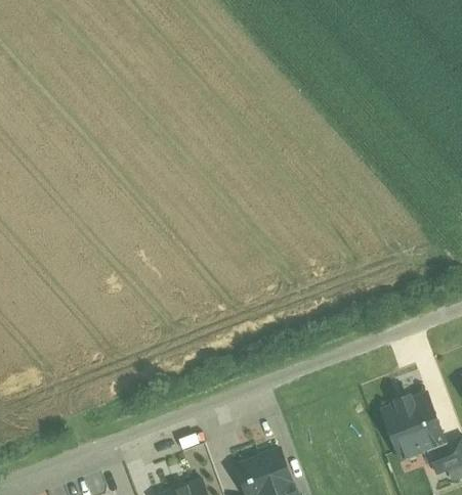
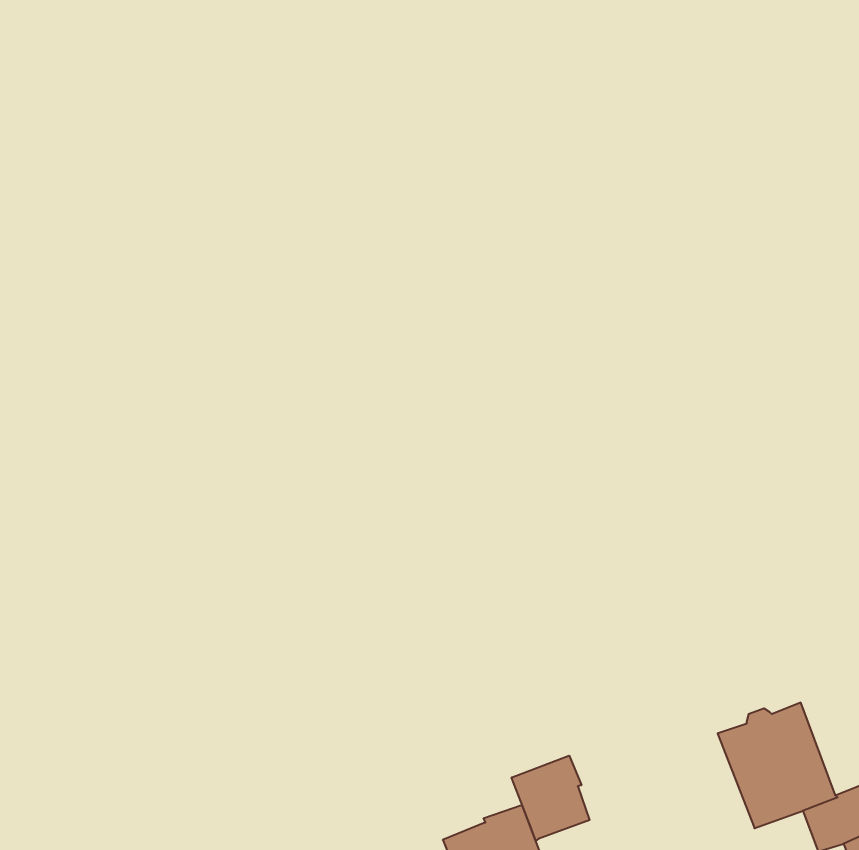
building: none -> [512,756,590,841]

